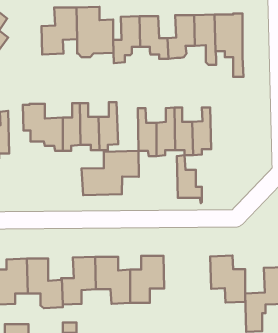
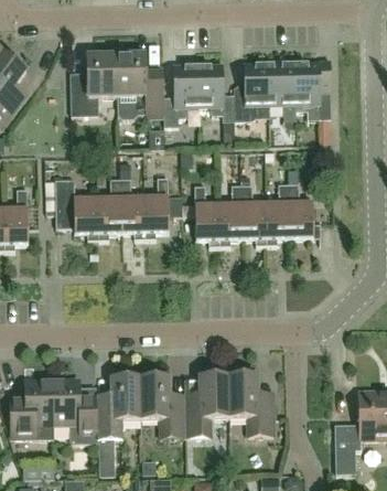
building: [82,151,139,195] -> none
building: [177,155,202,203] -> [289,182,321,244]
building: [210,256,245,303] -> [228,374,273,435]

